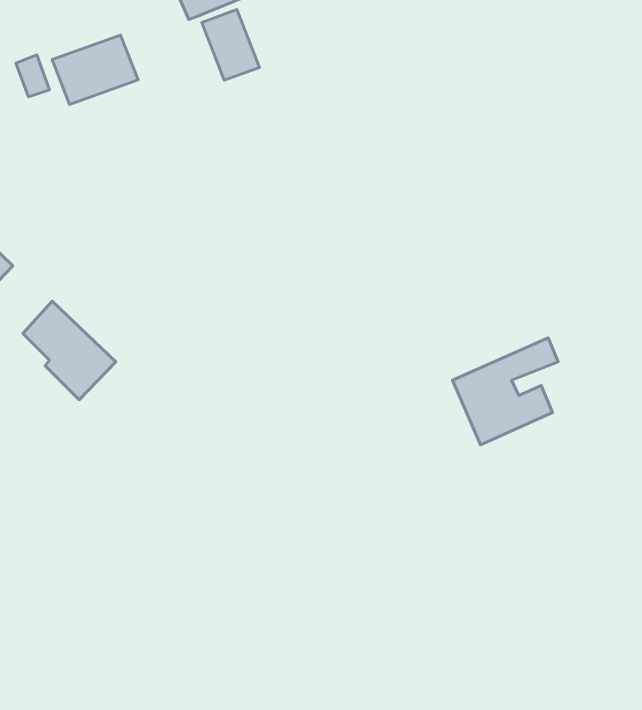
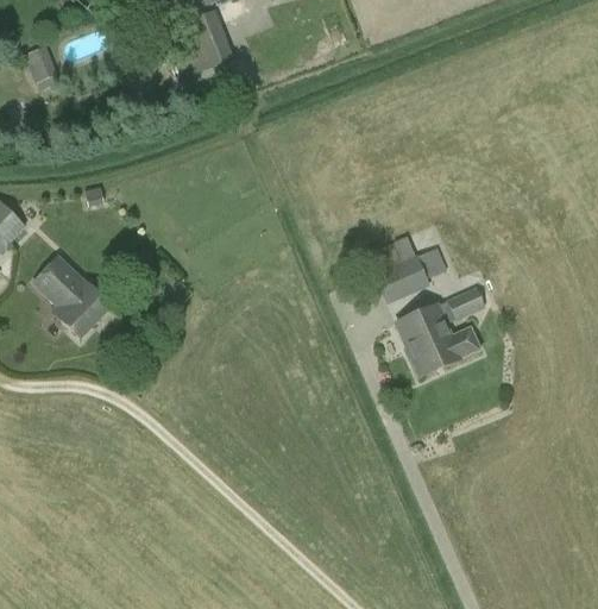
building: [52,35,138,105] -> none
building: none -> [365,233,446,303]

